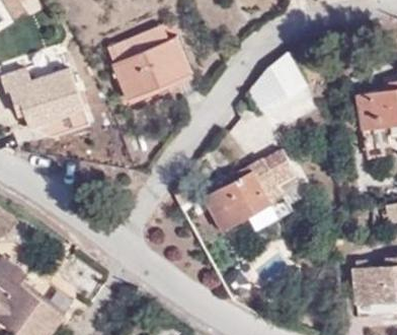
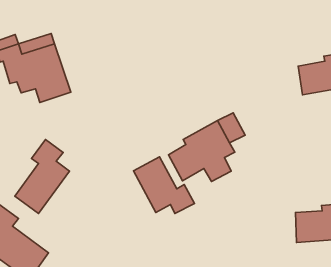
building: [109,26,193,99] -> none
building: none -> [15,139,70,214]
building: none -> [133,157,194,214]

